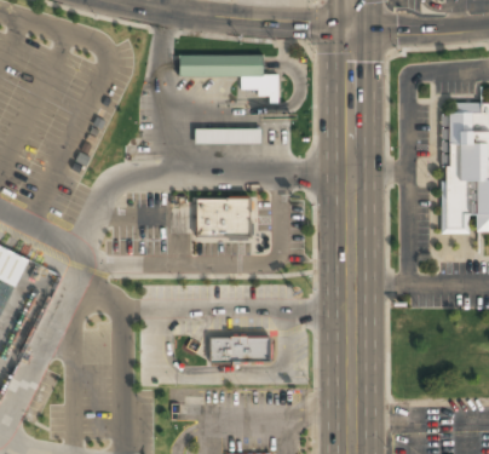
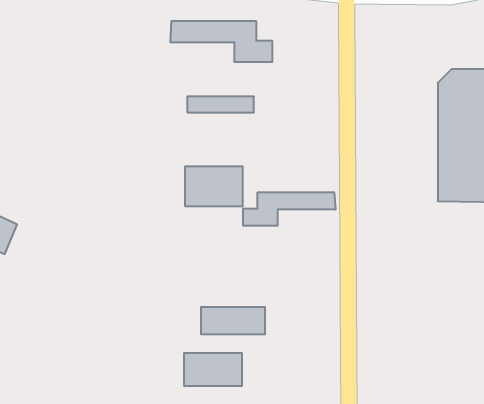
building: none -> [243,192,335,226]
building: none -> [184,353,242,386]

